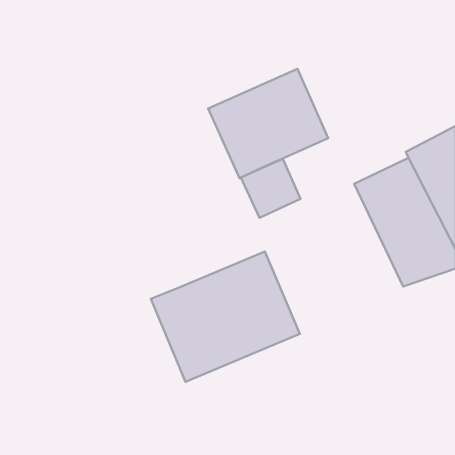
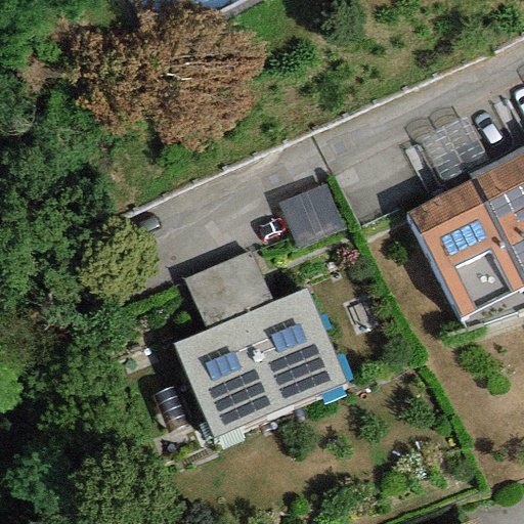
building: [208,69,328,178] -> none
building: none -> [183,249,273,331]

